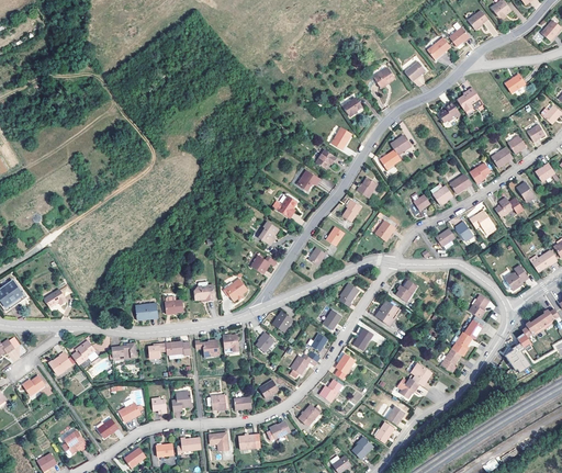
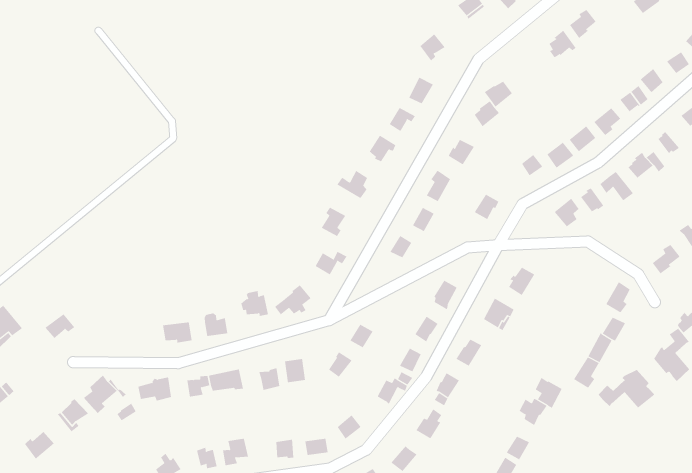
building: none -> [598,369,655,409]

